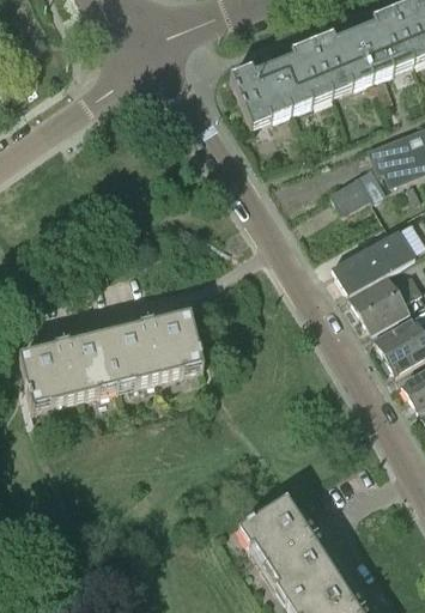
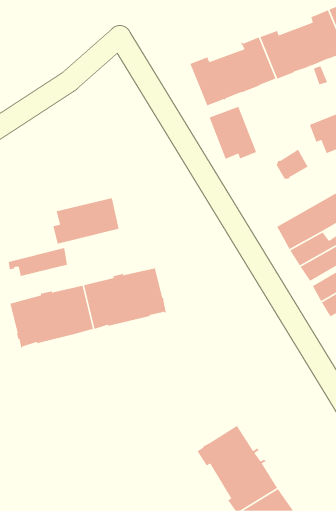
building: none -> [209,106,257,160]
building: none -> [53,197,120,244]
building: none -> [8,247,68,277]

